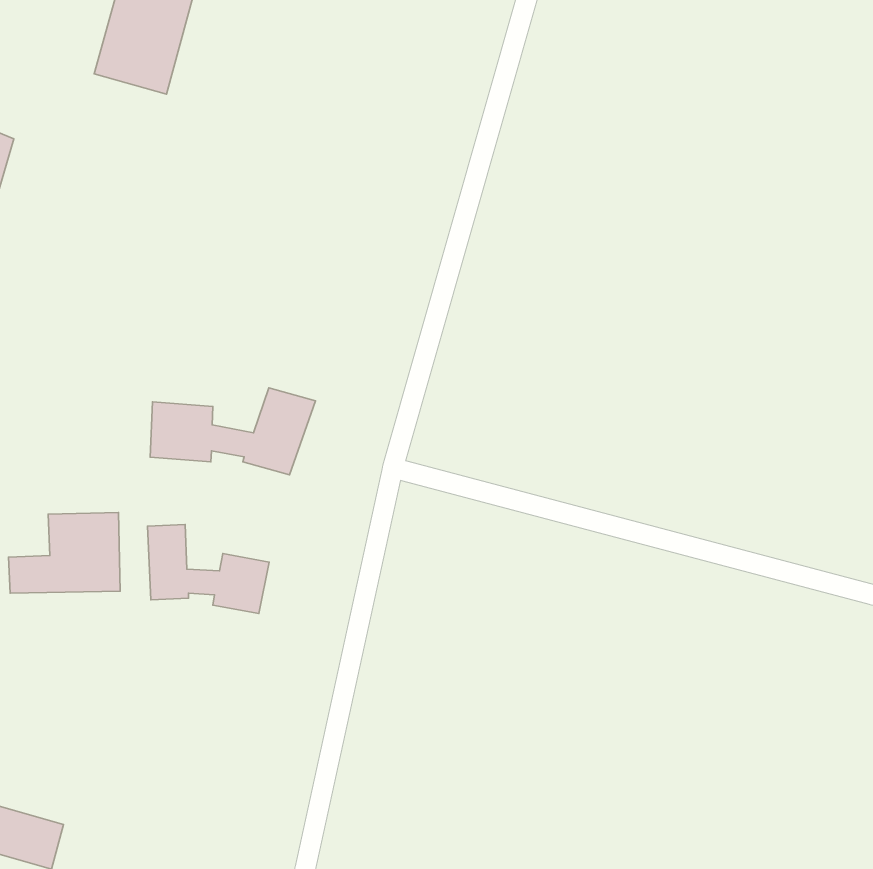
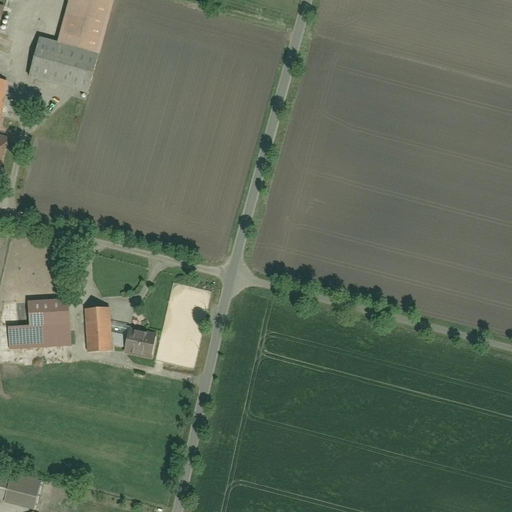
building: none -> [29,40,95,91]
building: [150,388,315,475] -> none

